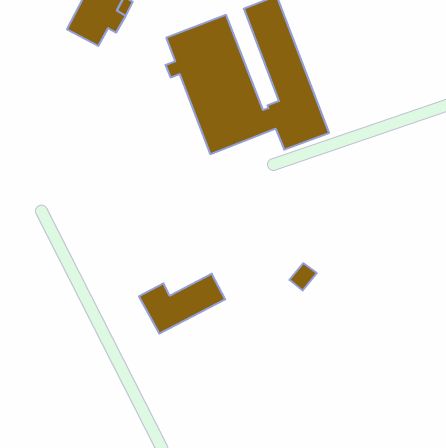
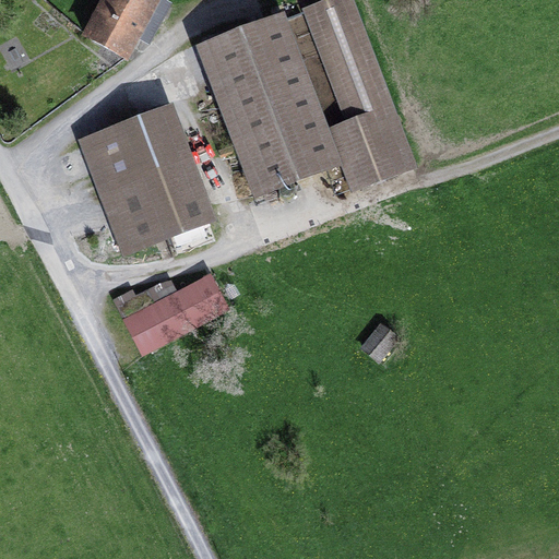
building: none -> [82,111,204,249]
building: [139,274,225,334] -> [115,277,222,352]

